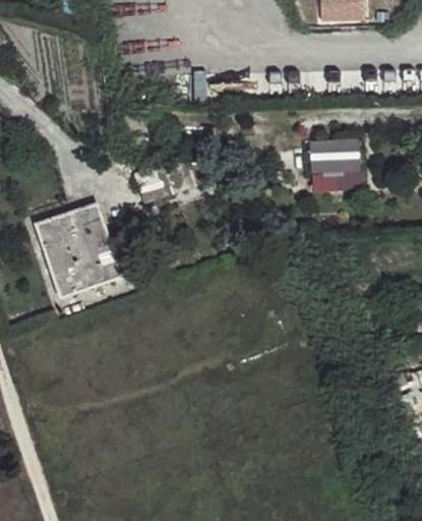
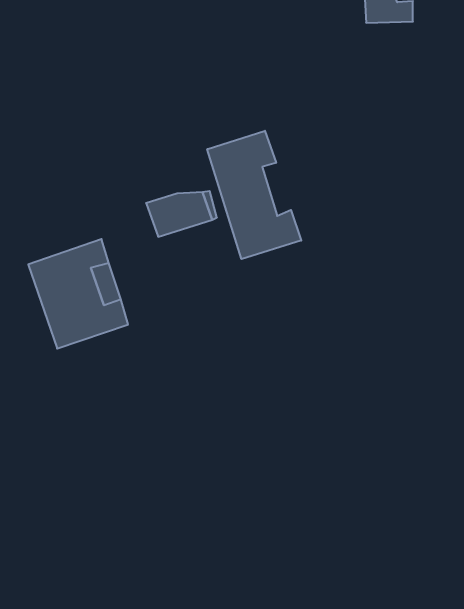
building: none -> [207,131,301,259]
building: [315,134,368,189] -> none

